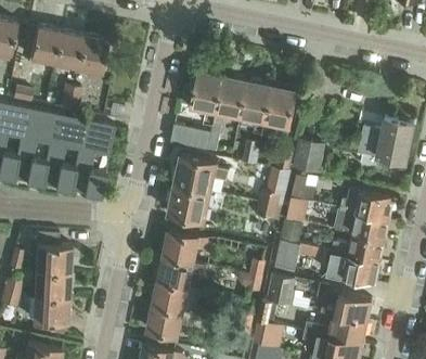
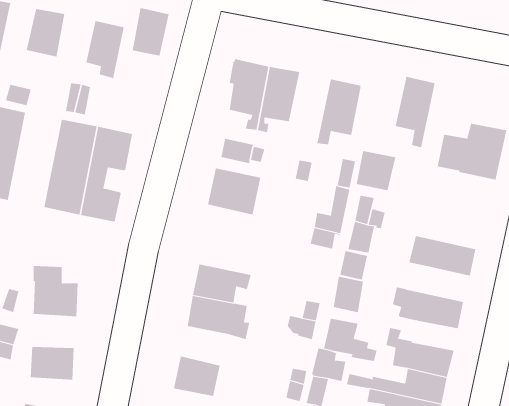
building: [53,30,83,69] -> [132,7,170,56]
building: [240,77,272,134] -> [395,76,435,148]
building: [14,110,56,185] -> none
building: [167,183,210,221] -> none
building: [340,188,393,219] -> none
building: [332,233,385,261] -> none
building: [33,271,69,298] -> none
building: [152,281,190,312] -> none

